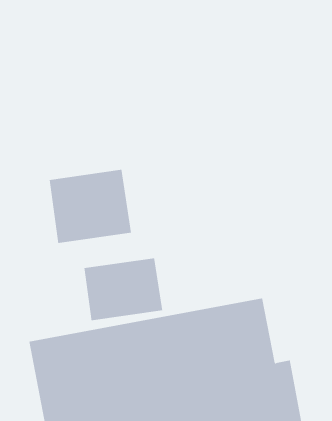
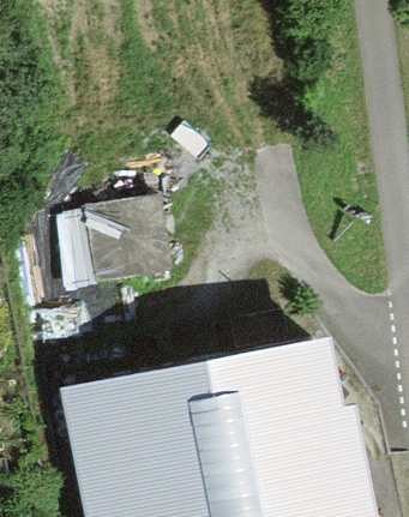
building: [84,258,163,321] -> none

